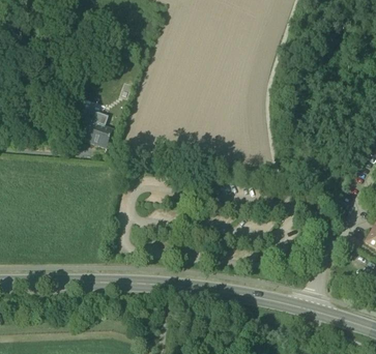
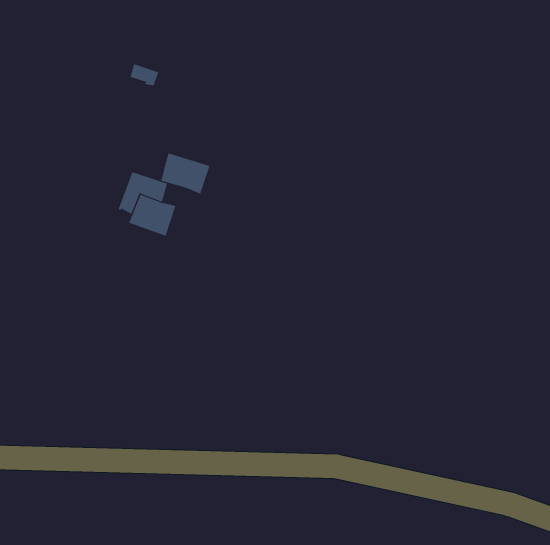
building: none -> [161,152,210,194]

